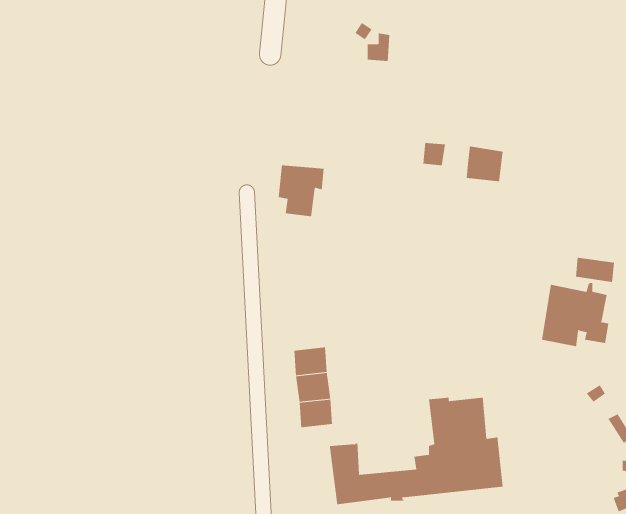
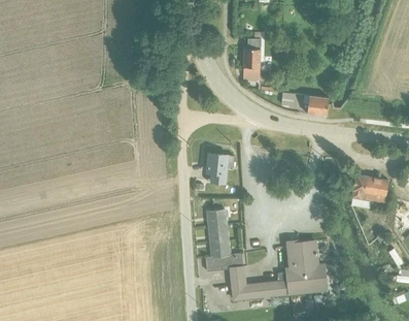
building: none -> [242,50,260,81]
building: [278,165,324,217] -> [206,154,233,184]
building: none -> [204,253,242,271]

